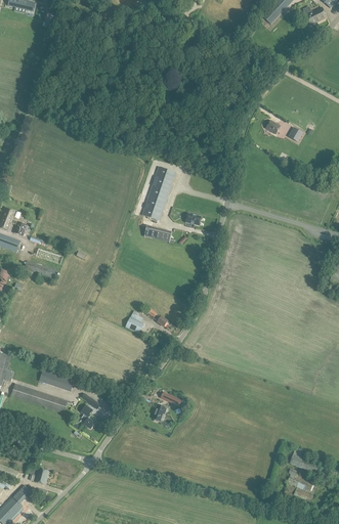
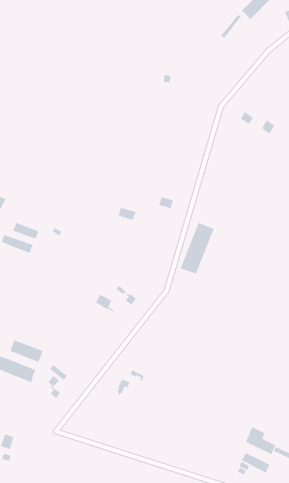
building: [142,165,176,219] -> [180,222,215,274]

